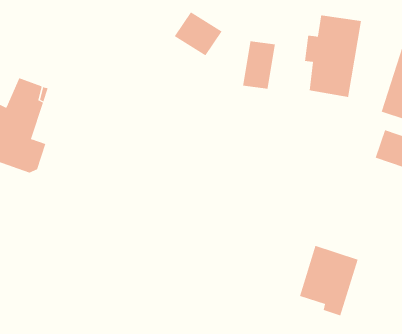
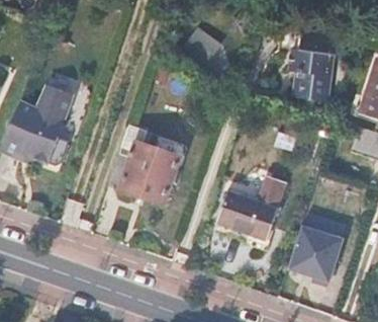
building: [243,41,276,89] -> none
building: none -> [110,126,180,204]
building: none -> [216,172,287,239]

